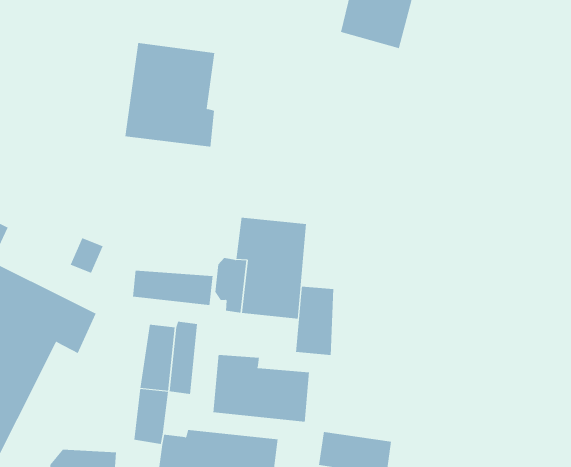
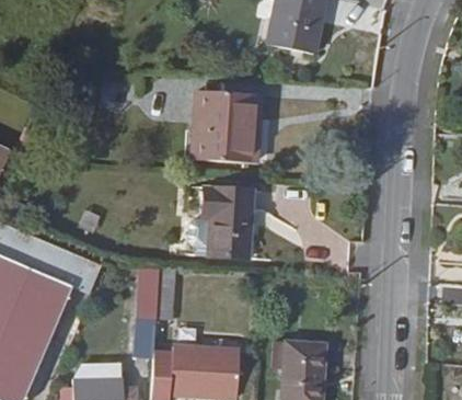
building: [125,43,215,147] -> [192,90,257,164]
building: [132,270,213,306] -> none
building: [295,286,334,356] -> none
building: [213,354,309,422] -> none

